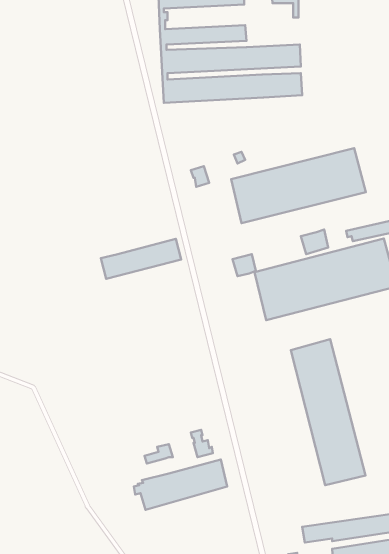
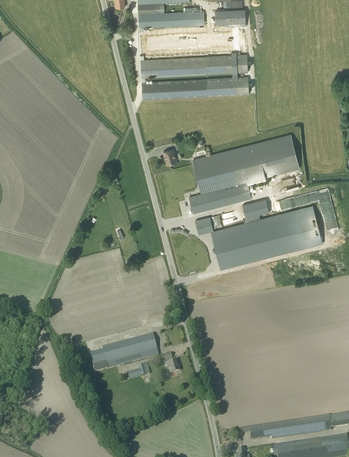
building: [101,239,181,279] -> [189,182,251,213]
building: [291,339,365,485] -> none
building: [134,459,227,510] -> [86,334,158,373]

